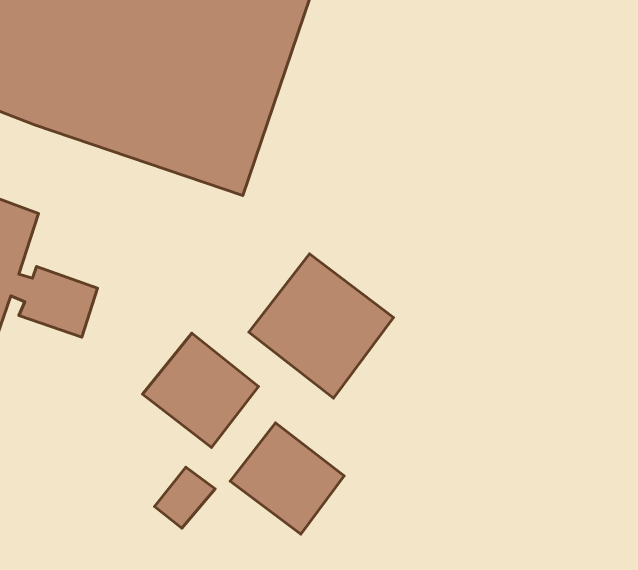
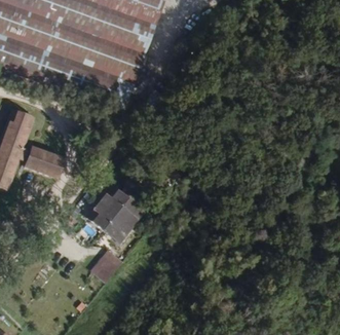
building: [249,254,394,398] -> none
building: [230,423,344,534] -> none

